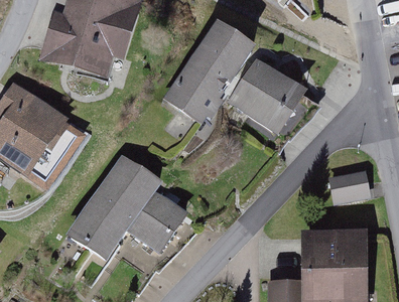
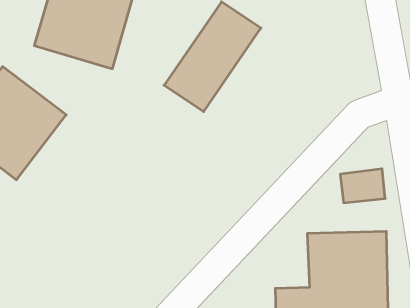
building: [227,59,308,138] -> none
building: [69,160,191,266] -> none

